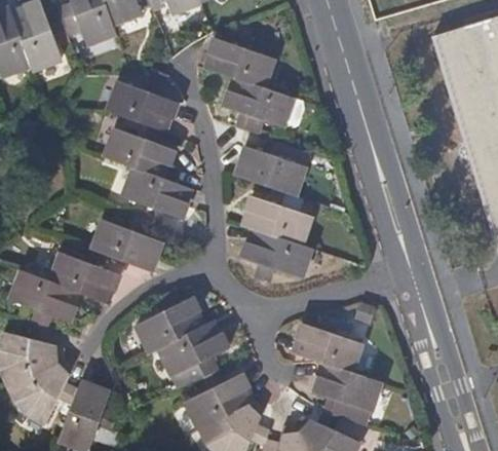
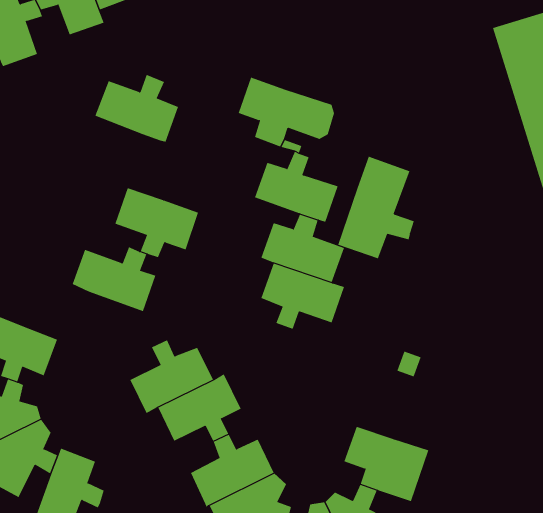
building: [206,32,273,88] -> none
building: [106,125,174,179] -> none
building: none -> [338,156,415,259]
building: [49,248,118,303] -> none
building: [294,317,361,374] -> none

